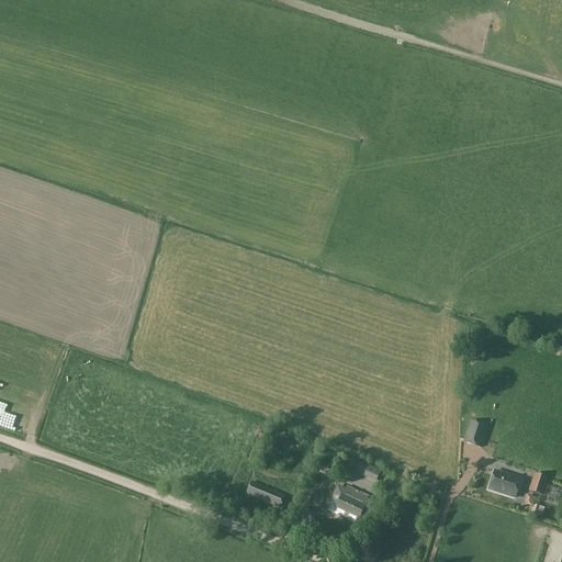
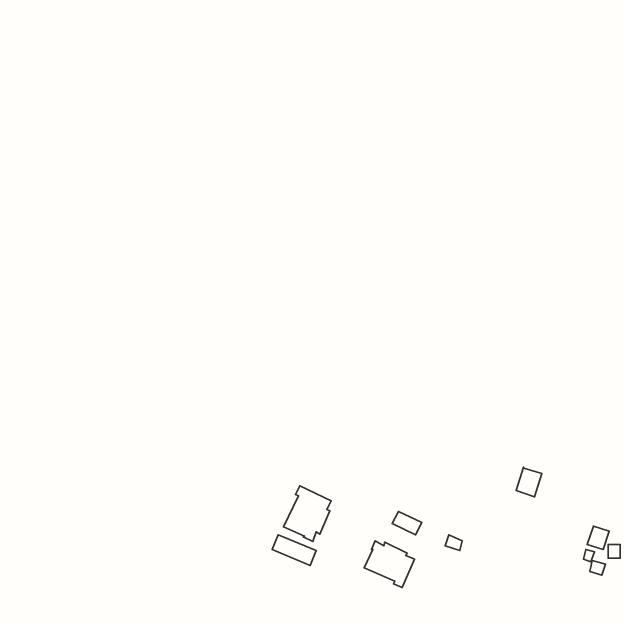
building: none -> [283,486,331,542]
building: [487,470,518,495] -> none

